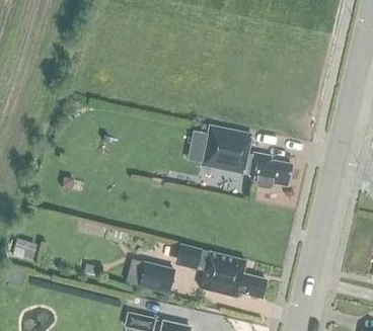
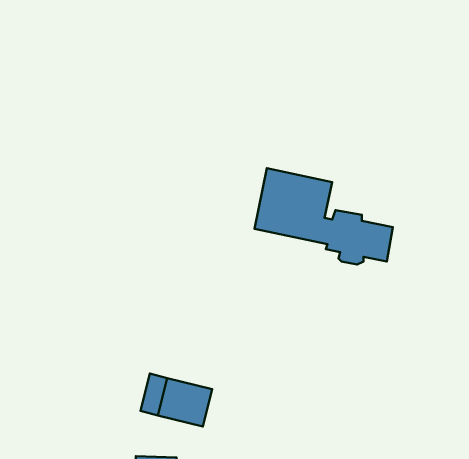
building: [178,245,266,298] -> none

